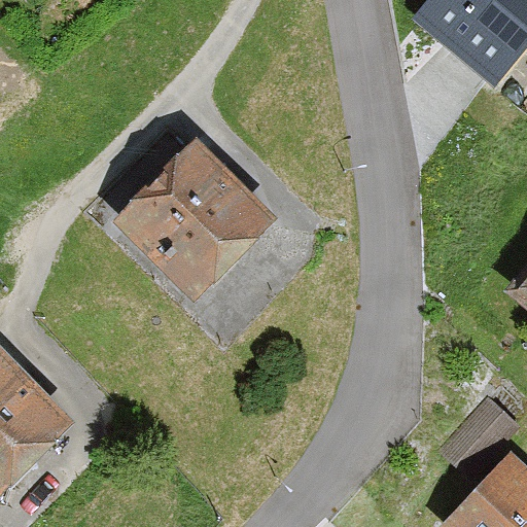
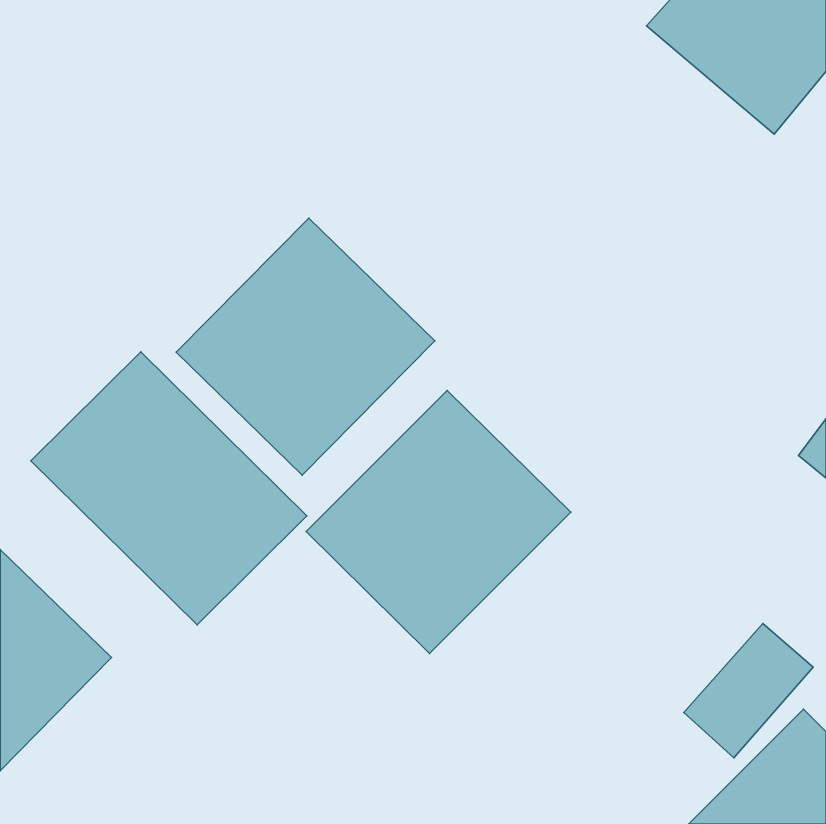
building: none -> [31,352,307,625]
building: none -> [306,390,571,654]

